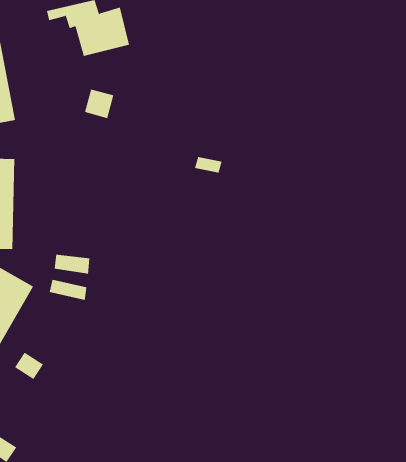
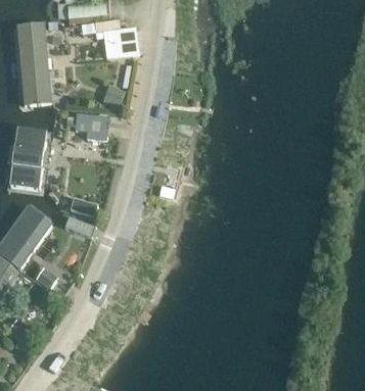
building: none -> [73,113,109,140]

